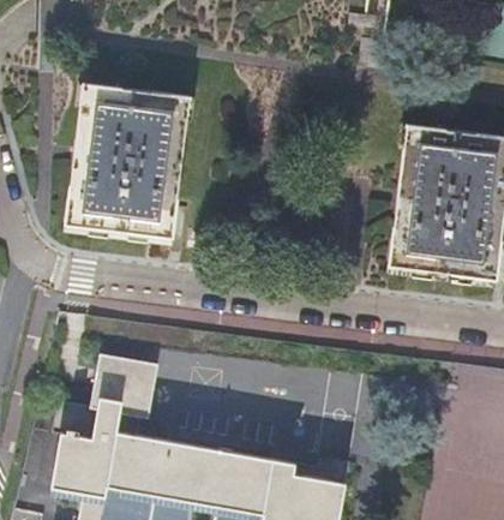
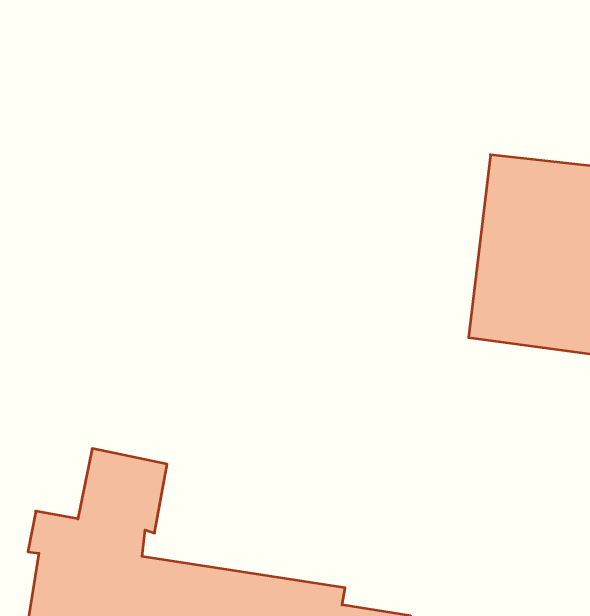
building: [67,85,190,240] -> none

